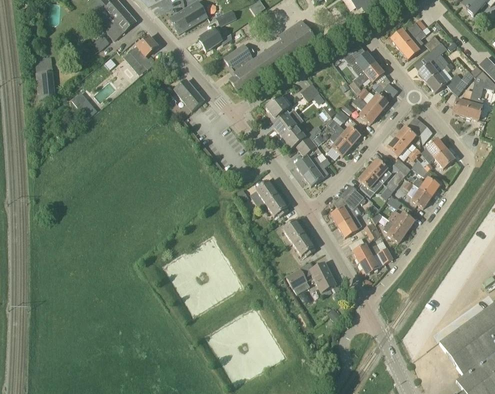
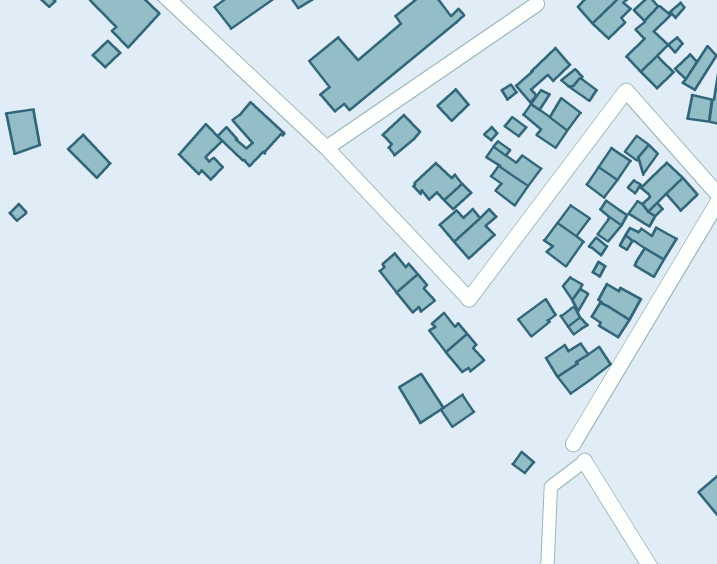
building: [196,25,231,50] -> none
building: [130,35,157,69] -> [179,124,223,180]
building: [340,52,375,75] -> none
building: [271,108,303,137] -> none
building: [331,188,365,226] -> none
building: [310,262,336,292] -> [399,374,444,423]

